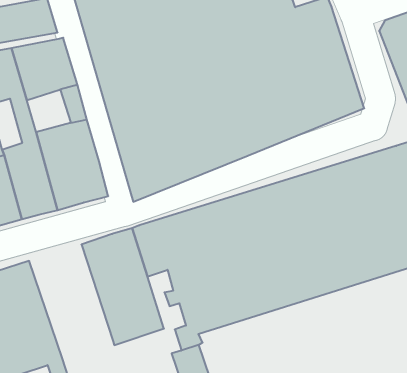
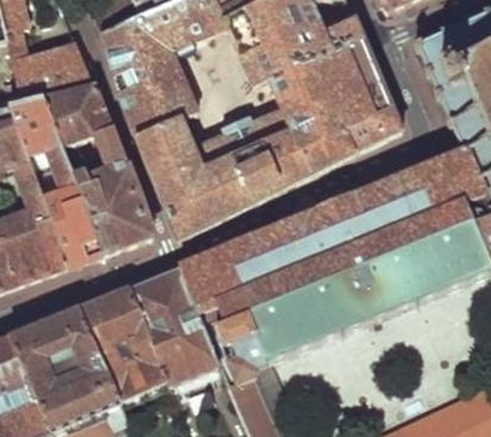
building: none -> [81,287,171,402]

